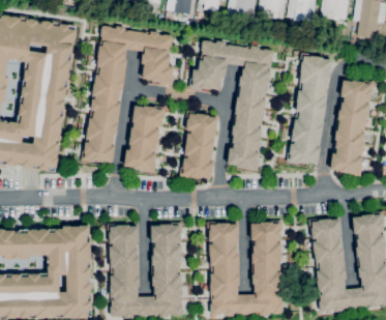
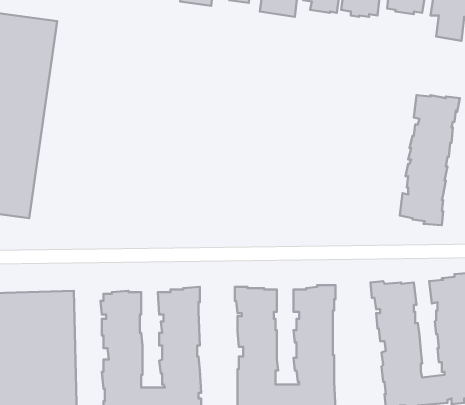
building: [84,25,175,163] -> none
building: [189,40,273,171] -> none
building: [289,53,332,164] -> none
building: [124,106,166,173] -> none
building: [180,111,218,180] -> none

